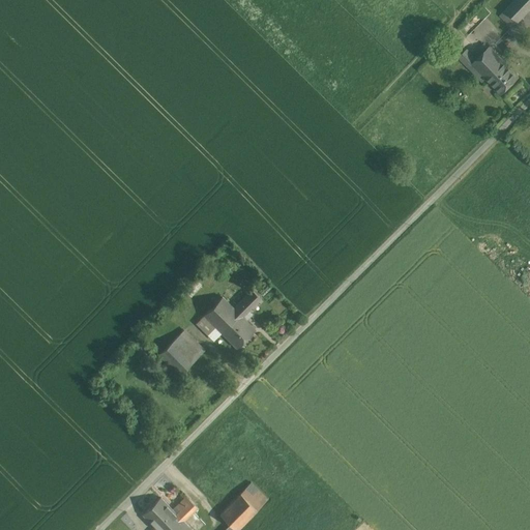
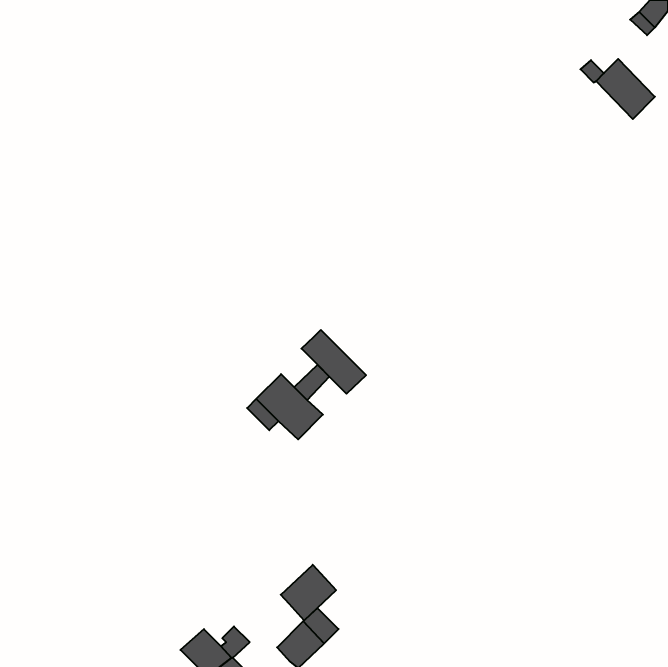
building: none -> [301,330,366,394]
building: [157,329,205,377] -> none
building: none -> [281,565,336,620]

